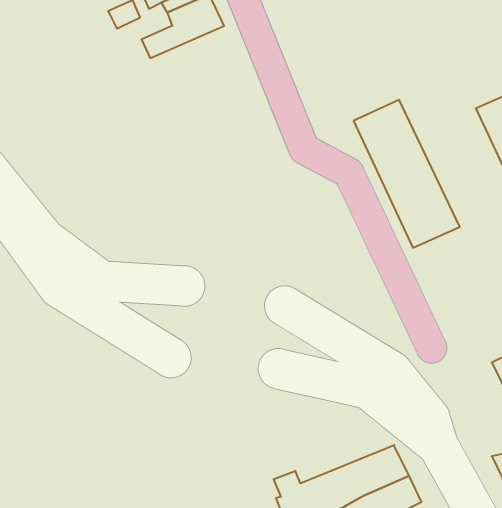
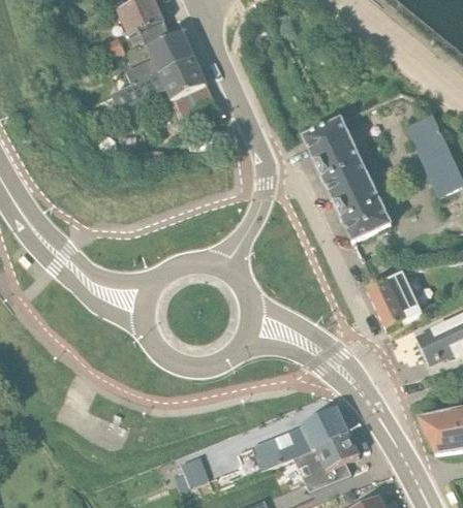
building: none -> [111,57,218,124]
building: none -> [366,272,422,329]

